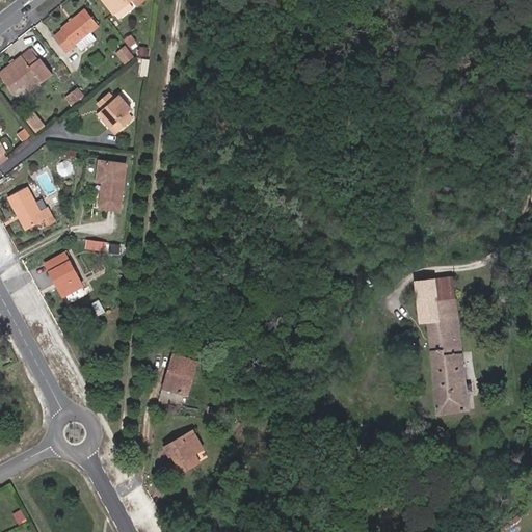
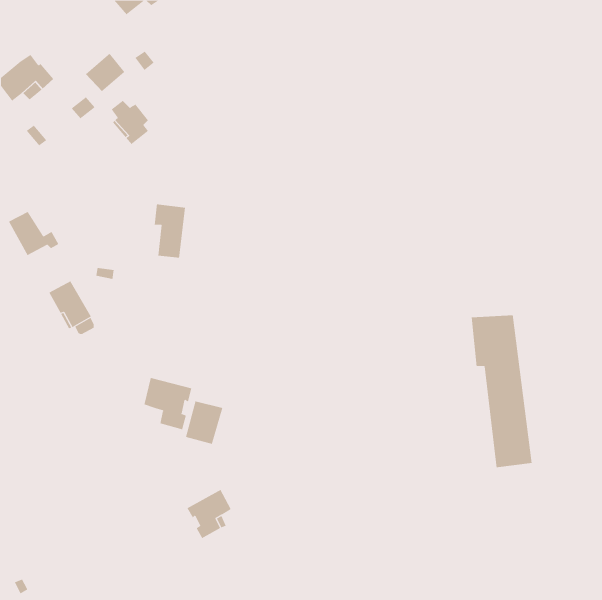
building: [59,11,95,46] -> [85,53,125,92]
building: [96,160,124,208] -> [154,204,186,258]
building: none -> [144,377,192,430]

